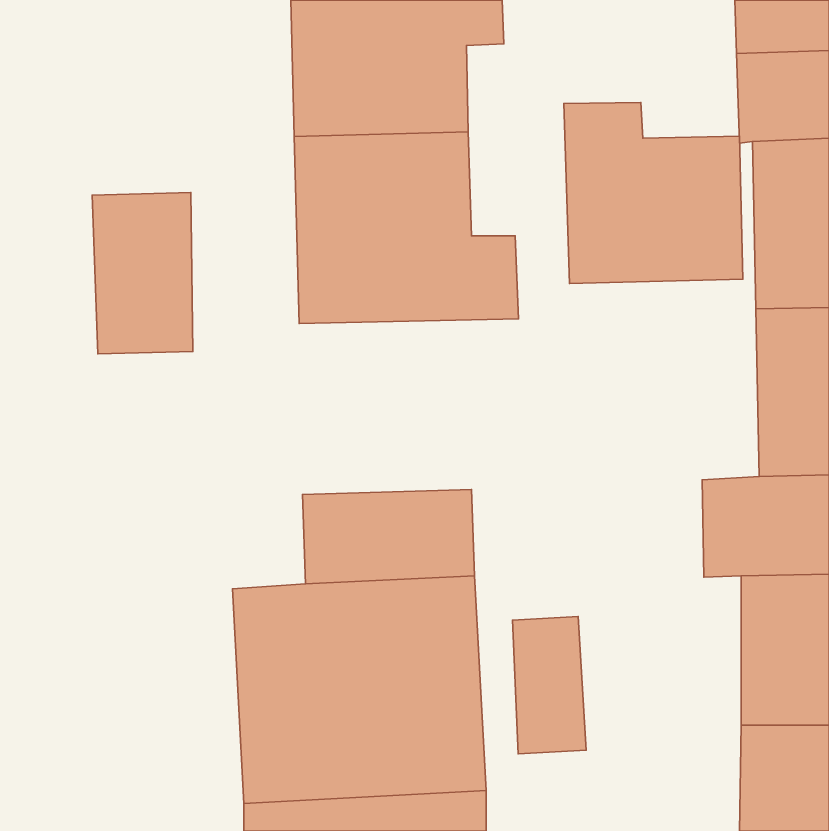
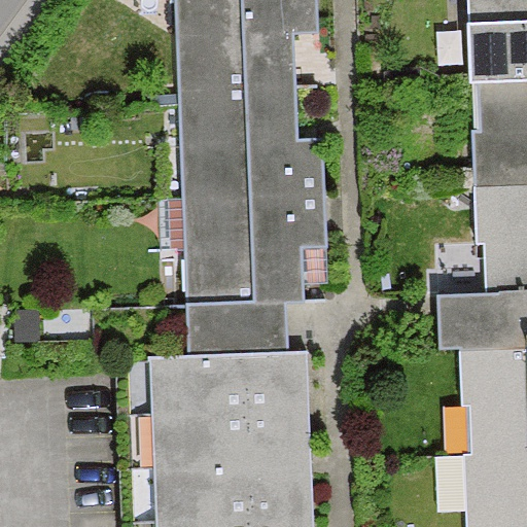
building: [564,102,743,284] -> none
building: [92,192,193,354] -> none
building: none -> [189,202,329,313]
building: [513,617,586,754] -> none

